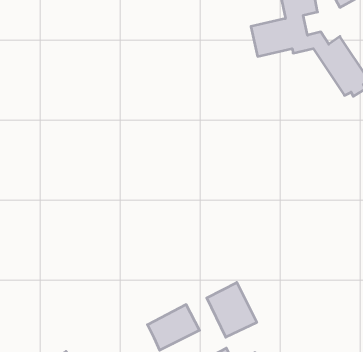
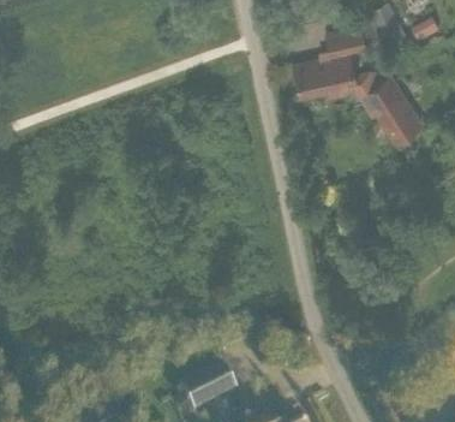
building: [207,282,257,337] -> none

